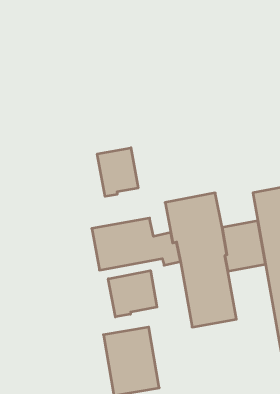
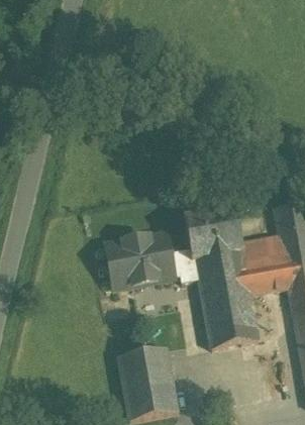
building: [97,148,138,196] -> none
building: [108,271,157,317] -> none

